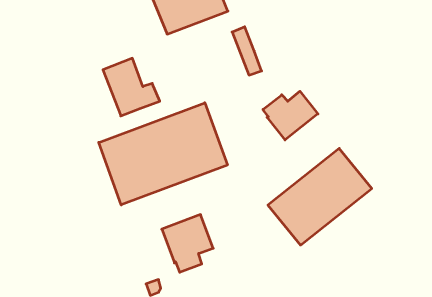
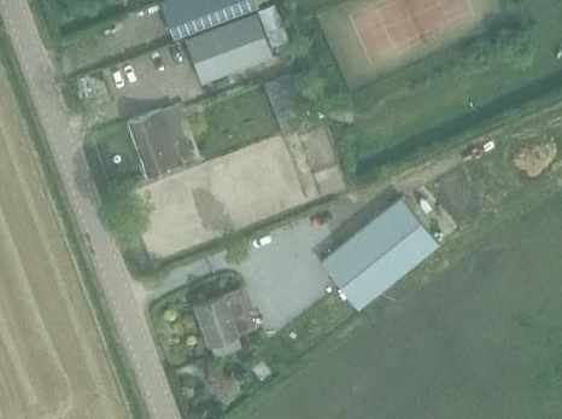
building: [263,91,318,140] -> none
building: [99,103,227,205] -> none

